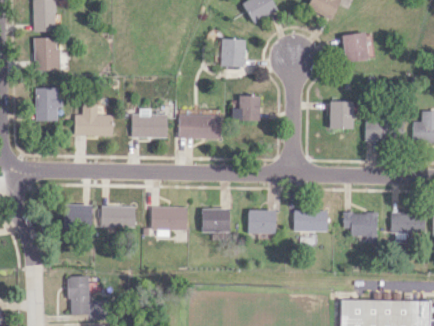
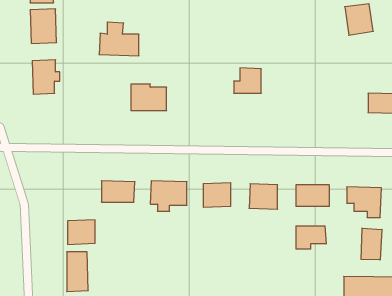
building: [221,38,245,67] -> none
building: [329,101,353,129] -> none
building: [74,103,113,136] -> [99,22,139,56]
building: [179,114,221,139] -> none
building: [65,204,92,228] -> [68,220,95,244]
building: none -> [296,226,326,249]
building: none -> [361,228,382,260]

